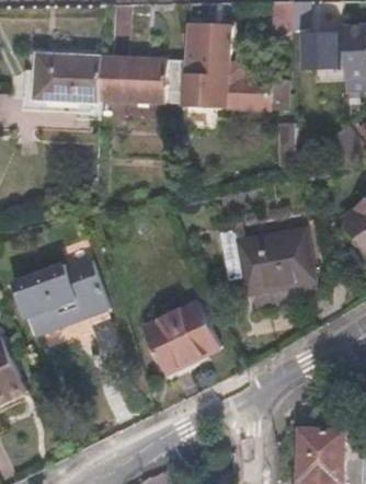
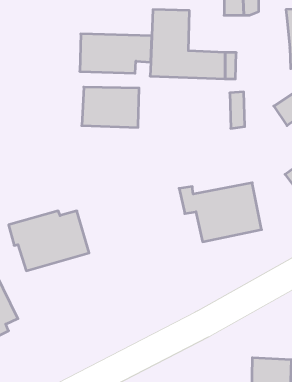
building: [301,36,339,71] -> none
building: [34,54,101,101] -> [82,87,139,127]
building: [144,304,219,374] -> none

